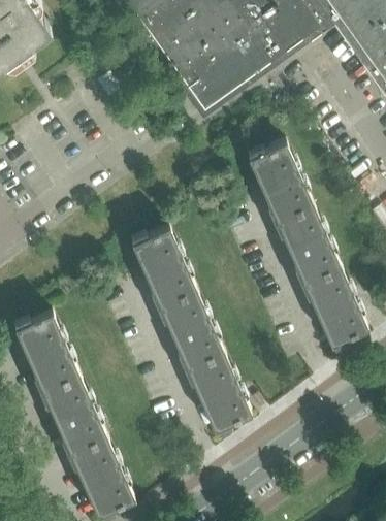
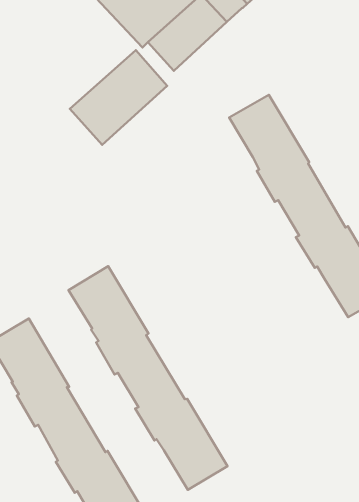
building: none -> [70,50,167,145]
building: [131,223,251,426] -> [69,266,227,490]

